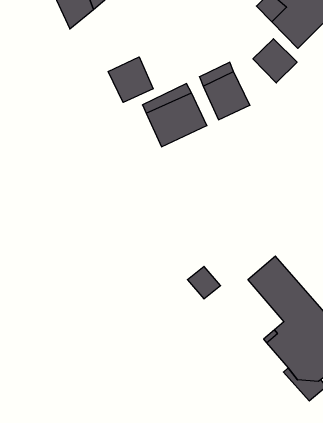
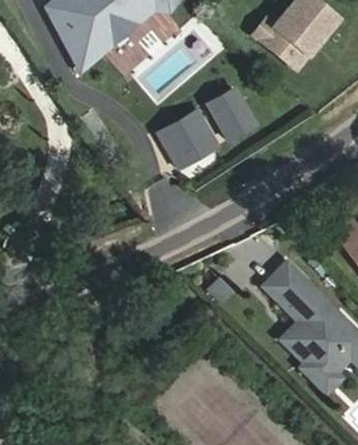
building: [253,39,297,83] -> none
building: [108,57,153,102] -> none

